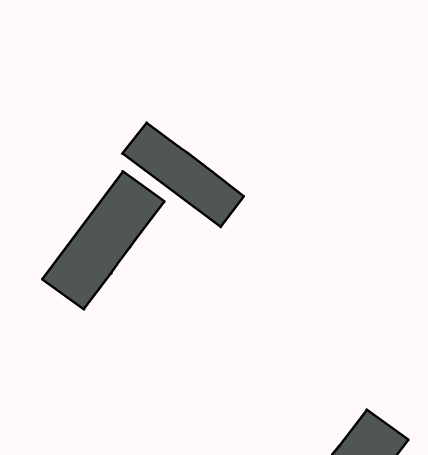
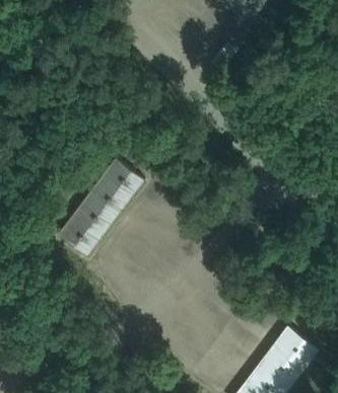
building: [122,123,244,227] -> none

